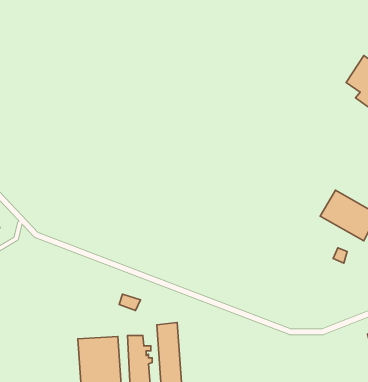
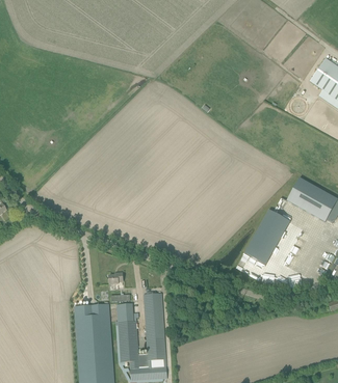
building: none -> [243,209,289,264]

